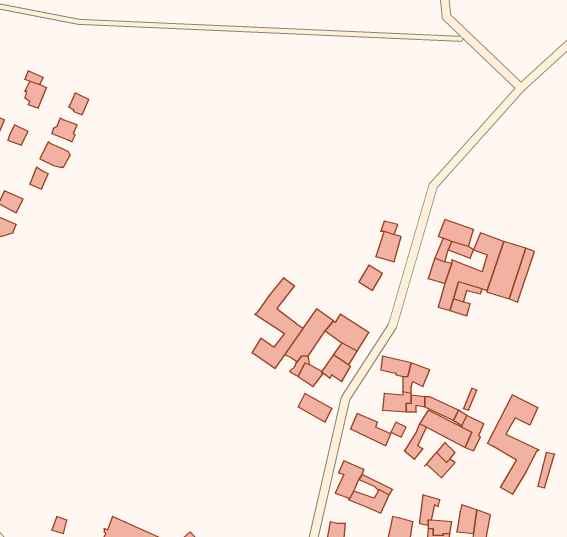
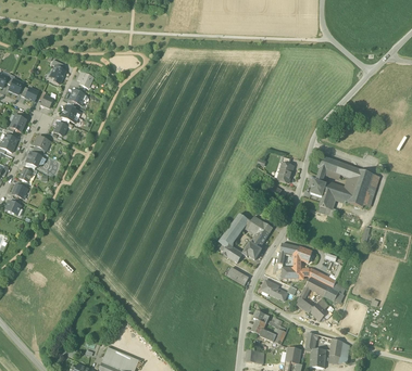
building: [252,278,303,369] -> none
building: [487,395,539,494] -> none

